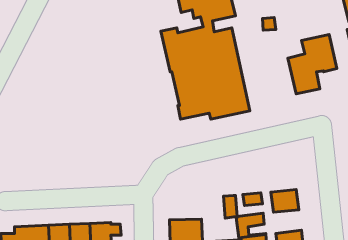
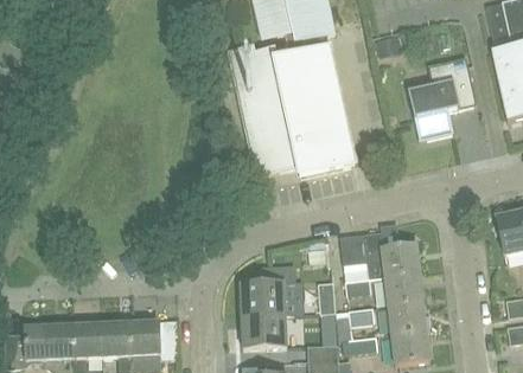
building: none -> [340,232,420,277]
building: none -> [241,268,295,316]
building: none -> [388,302,427,335]

